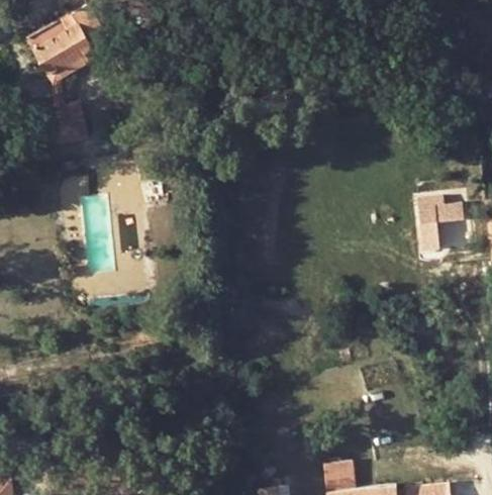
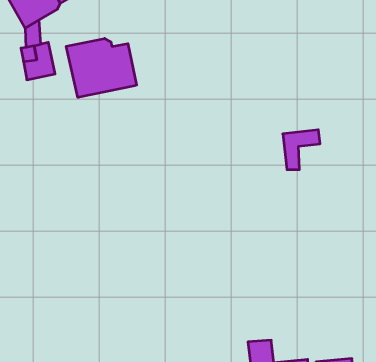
building: none -> [66,38,137,97]
building: [419,203,465,252] -> [283,130,320,170]

